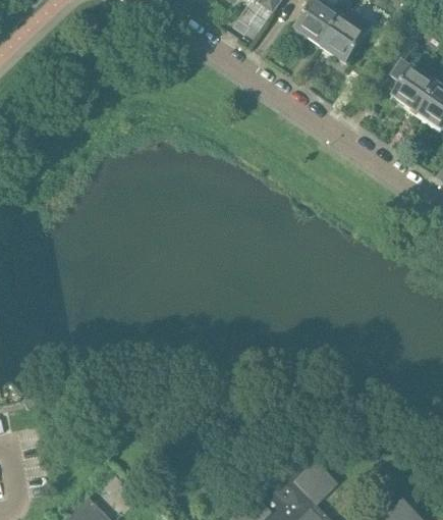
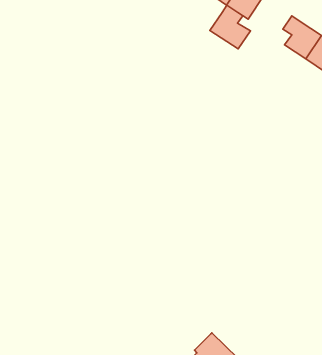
building: none -> [210,5,250,49]

